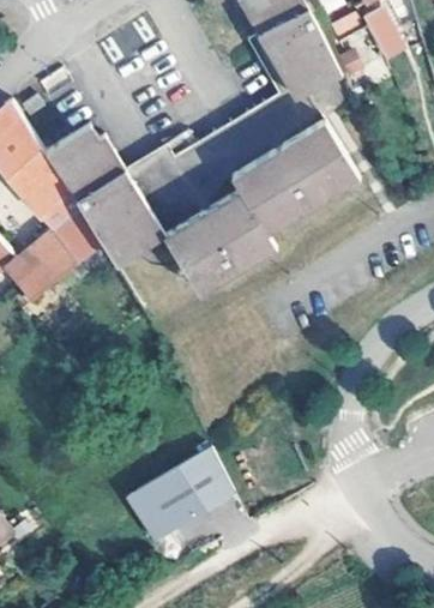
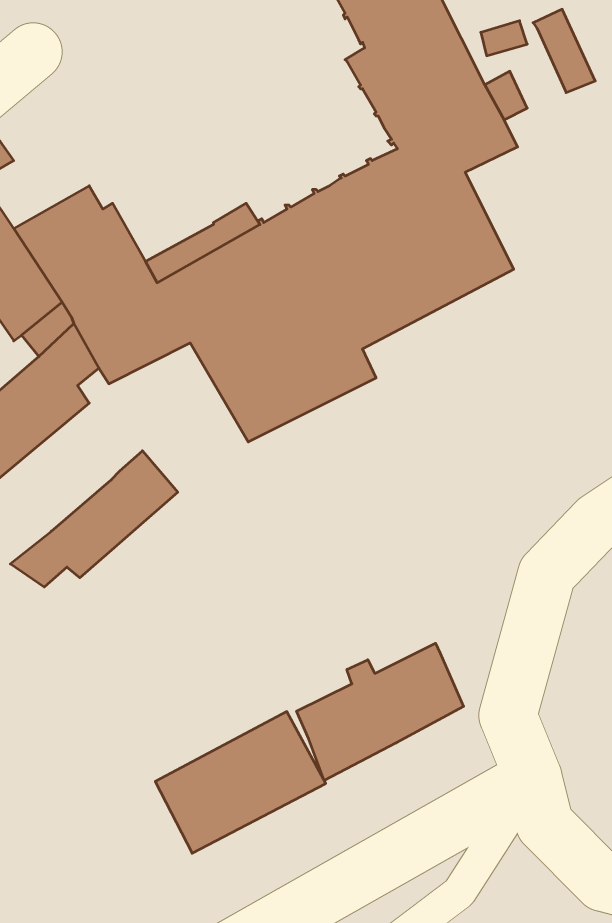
building: none -> [10,451,178,587]
building: none -> [297,643,464,781]

